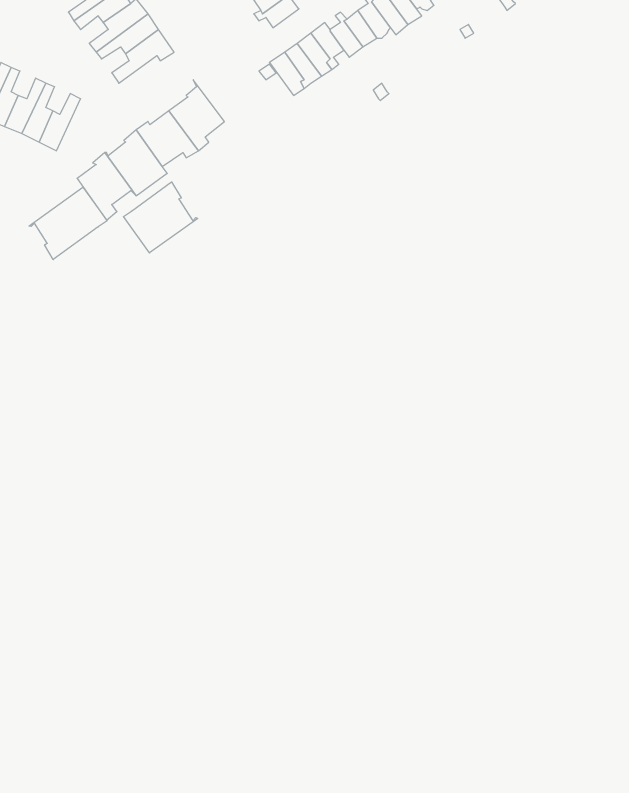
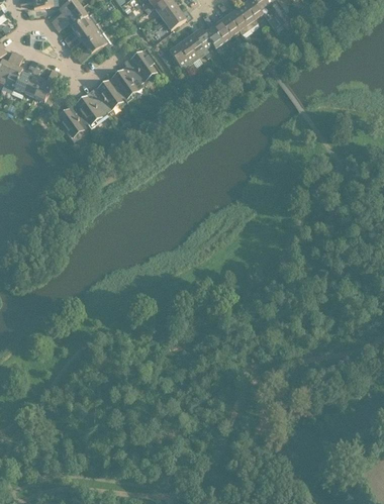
building: none -> [122,47,159,83]
building: [123,182,198,253] -> none
building: [29,187,107,260] -> none

